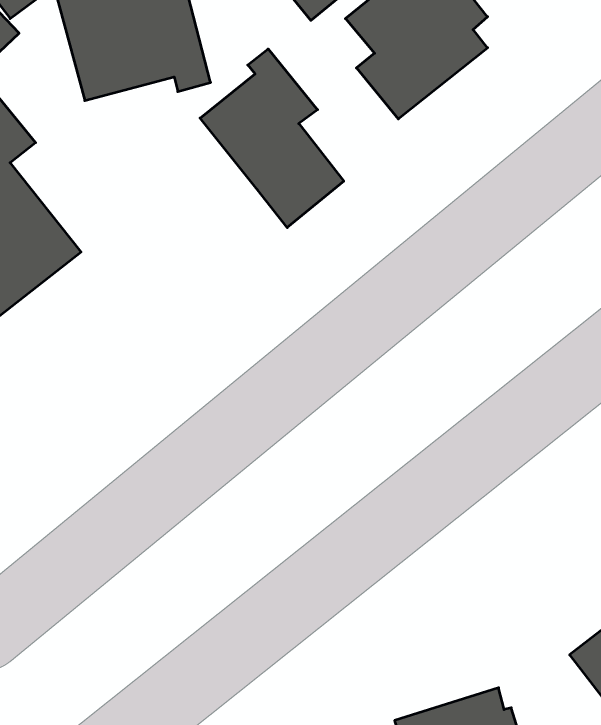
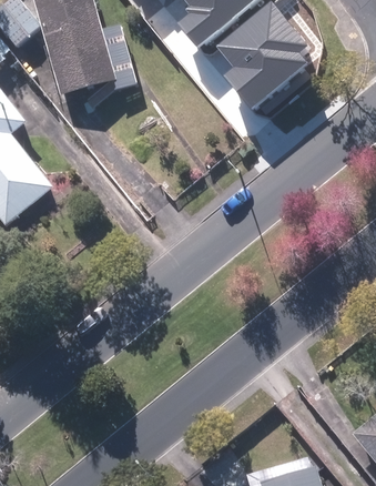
building: [200,49,344,228] -> none

